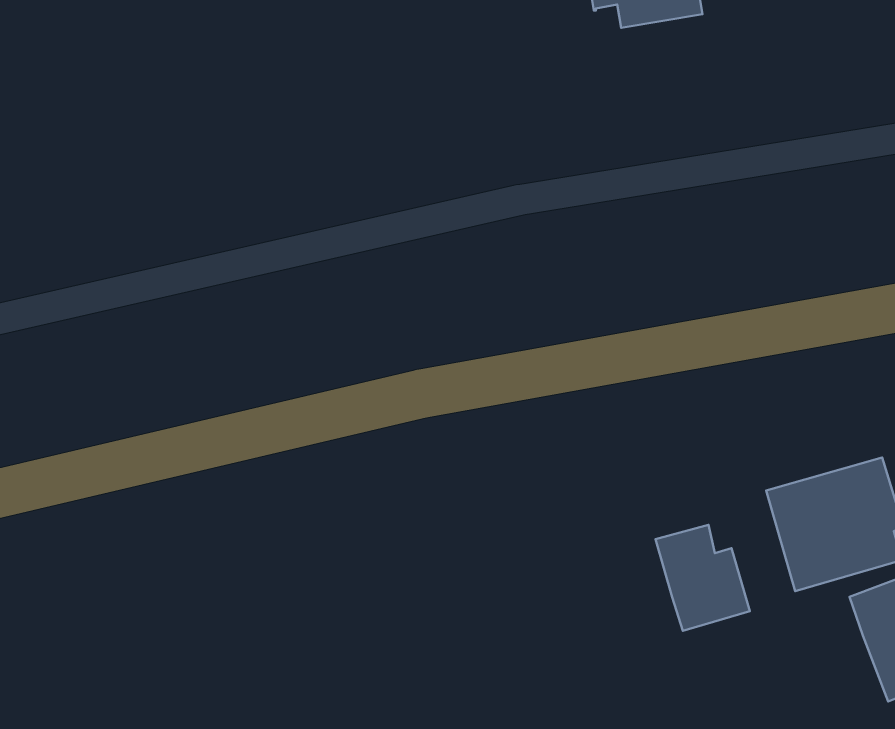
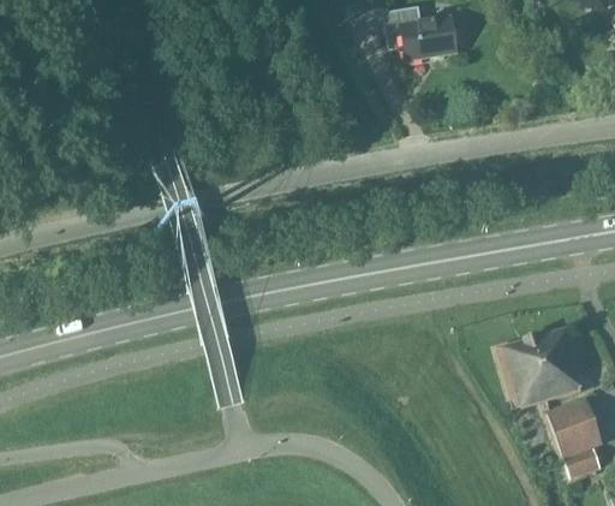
building: [656,525,750,631] -> none

